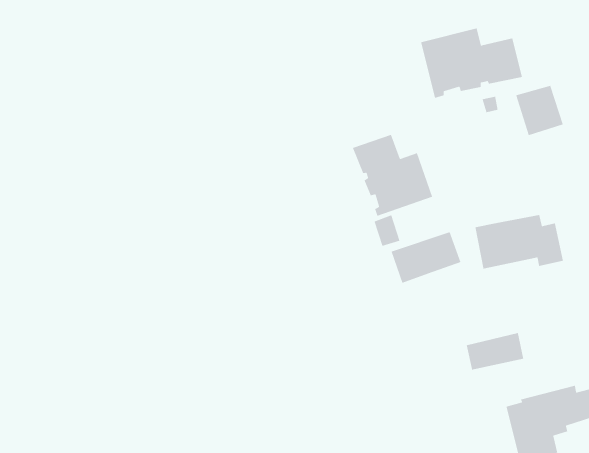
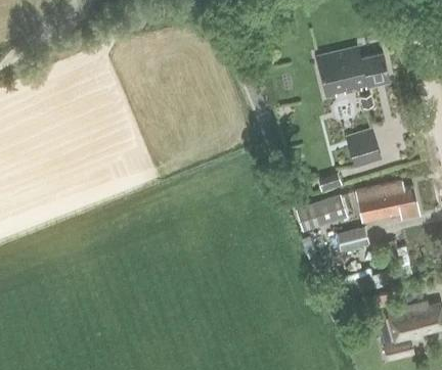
building: [515,85,564,136] -> [346,130,381,167]
building: [352,134,433,217] -> none
building: none -> [334,225,366,249]

